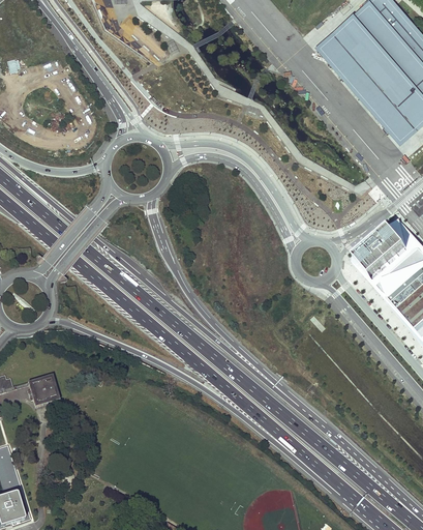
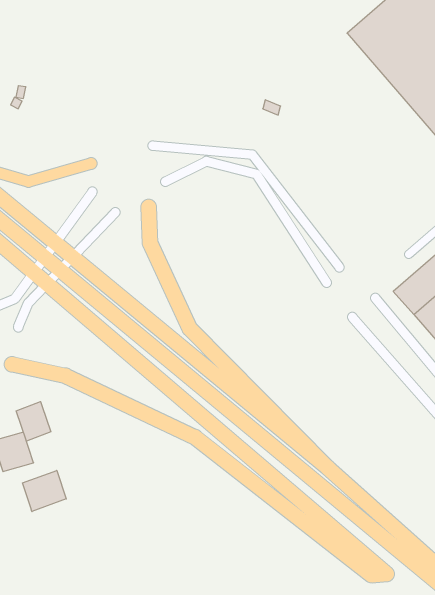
building: none -> [16,402,51,441]
building: none -> [22,470,66,512]

